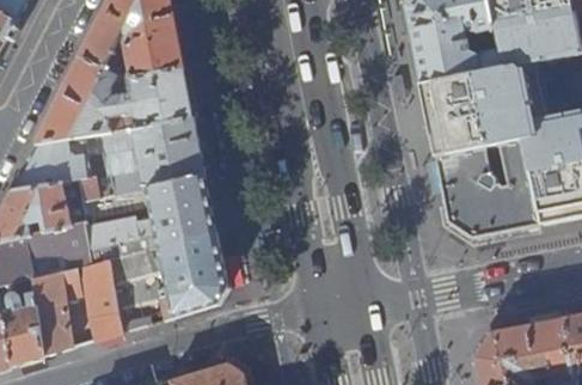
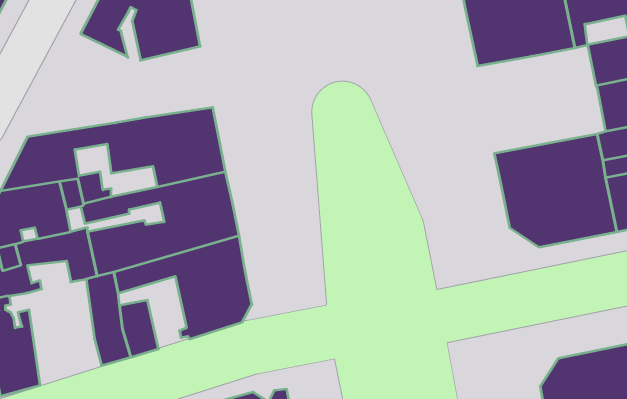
building: [33,55,192,143] -> none
building: [419,74,529,158] -> none
building: [32,267,81,356] -> none

